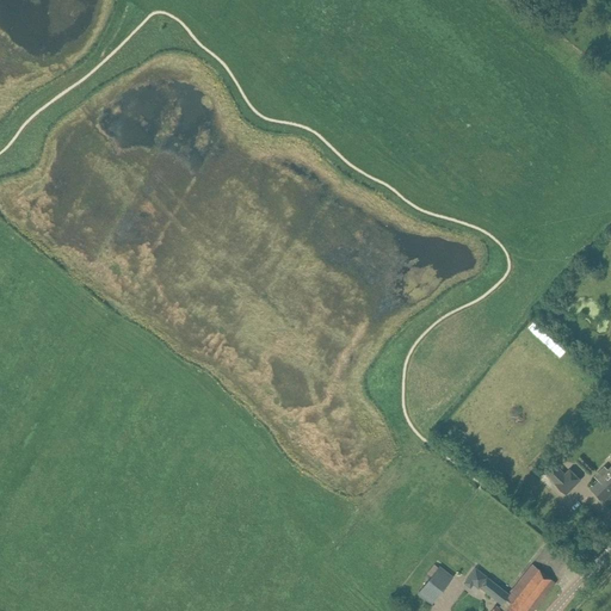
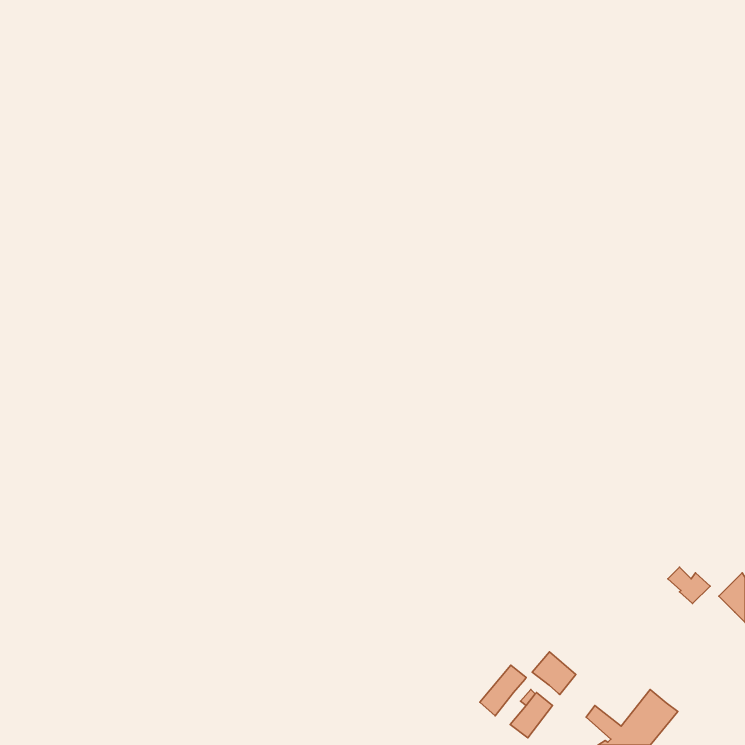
building: none -> [532,652,576,695]
building: none -> [480,665,526,716]

